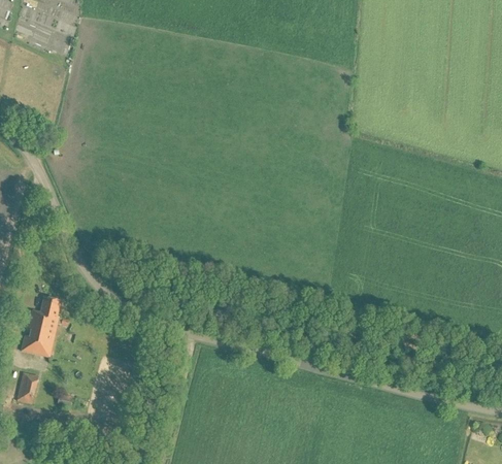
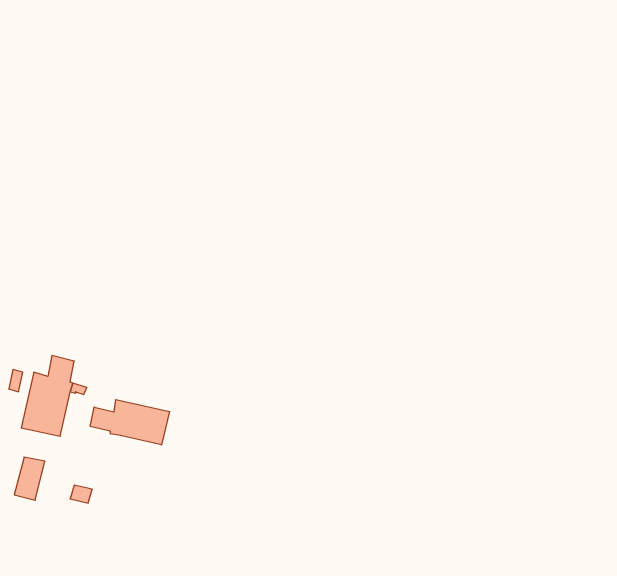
building: none -> [90,400,170,445]

